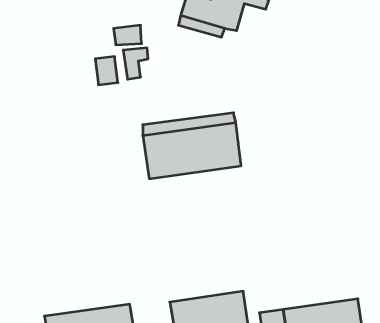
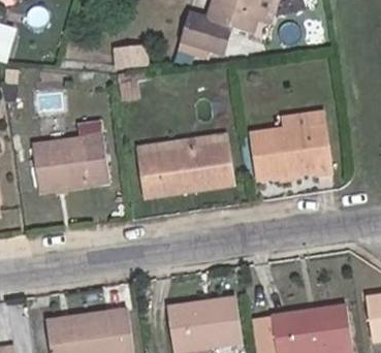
building: none -> [260,121,341,174]
building: none -> [39,137,110,187]

